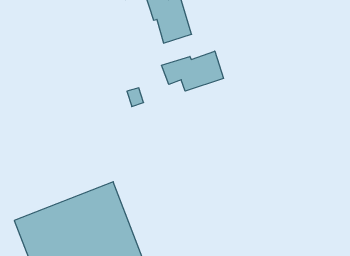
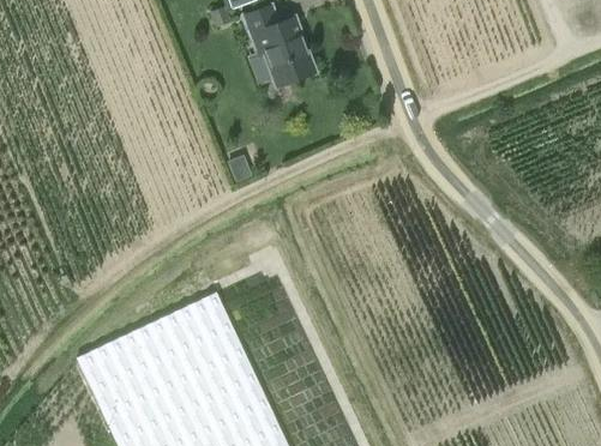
building: [162,51,223,91] -> none

